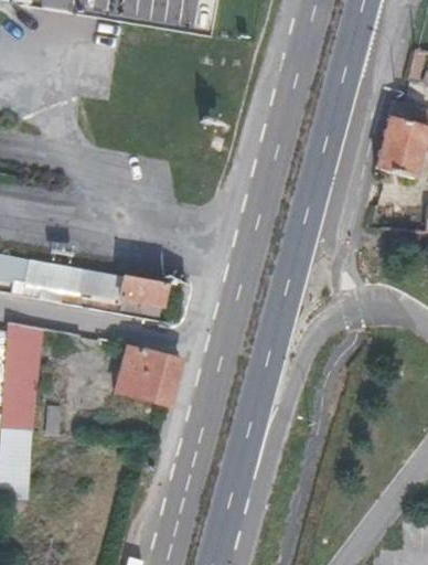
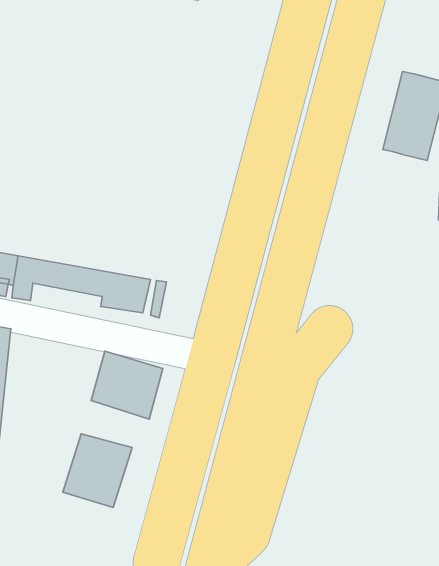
building: none -> [63,434,132,507]

